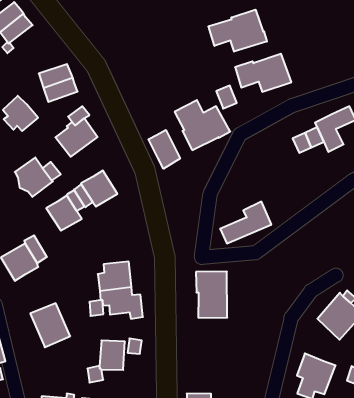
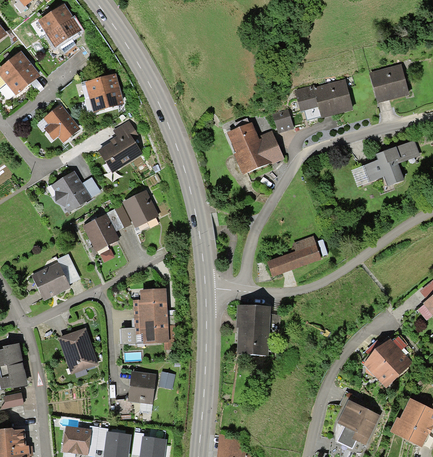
building: [208,10,267,52] -> none
building: none -> [369,64,409,103]
building: [148,130,180,169] -> none

